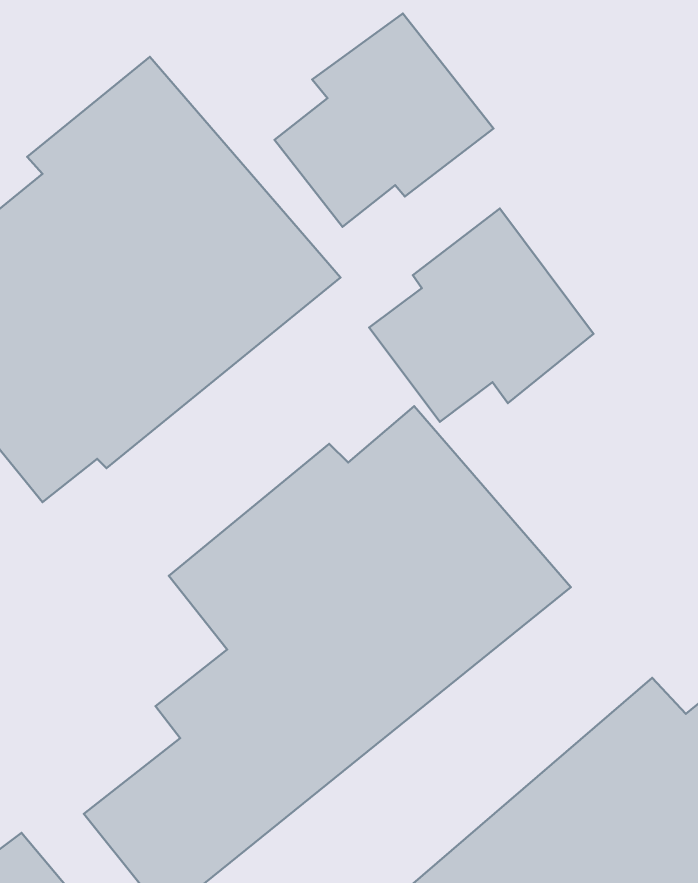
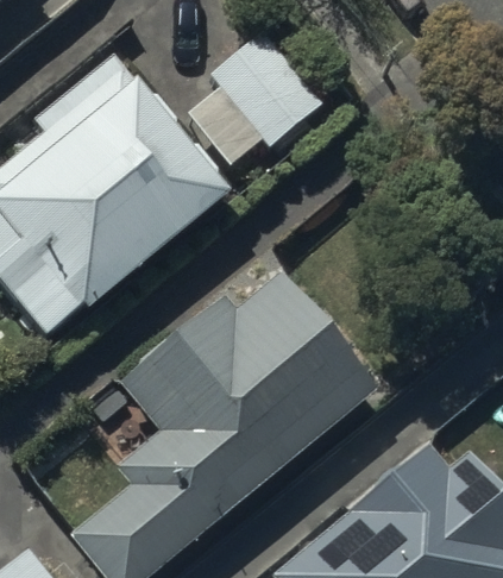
building: [369,209,594,422] -> none

